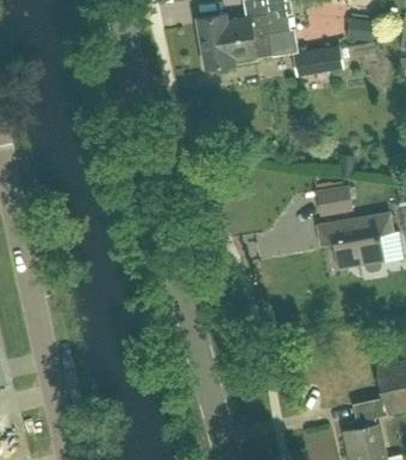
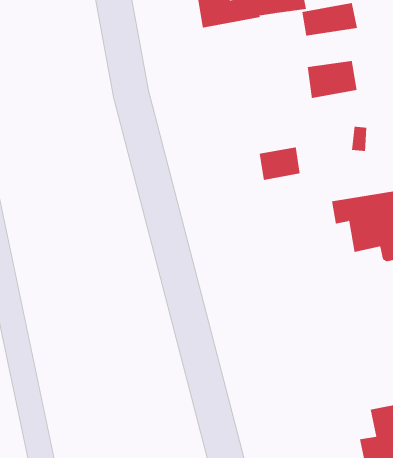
building: none -> [307,60,357,99]
building: [317,182,354,212] -> [259,147,301,180]

